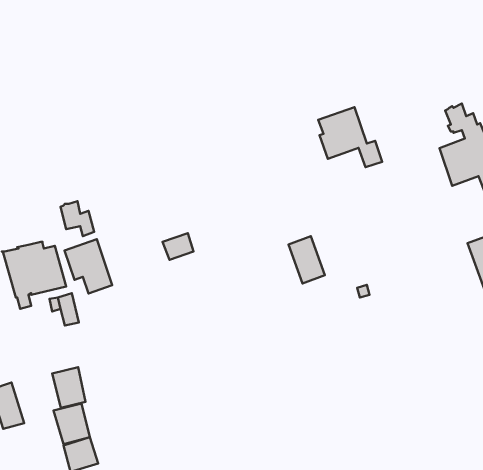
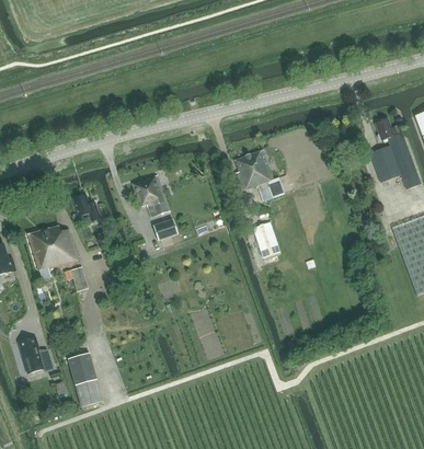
building: [318,107,382,167] -> [234,150,285,197]
building: [65,239,112,294] -> [133,174,170,217]
building: [52,367,85,408] -> none

